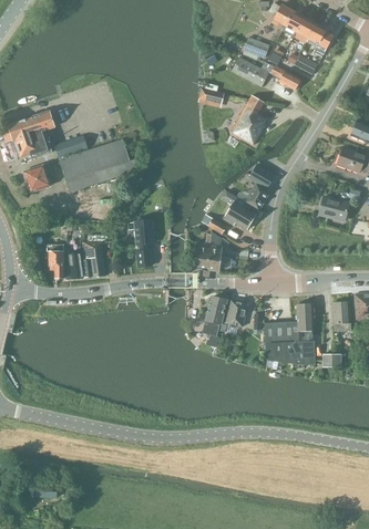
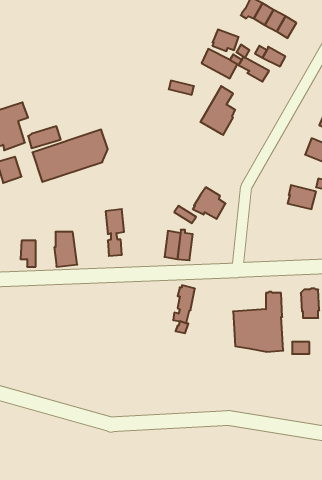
building: [245,165,274,210] -> none
building: [64,252,84,278] -> none
building: [225,299,248,326] -> none

